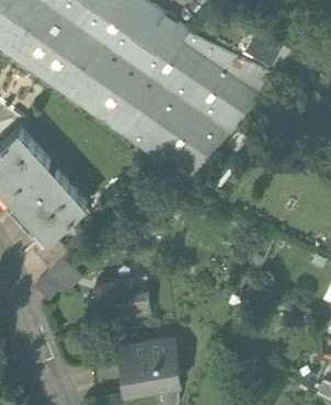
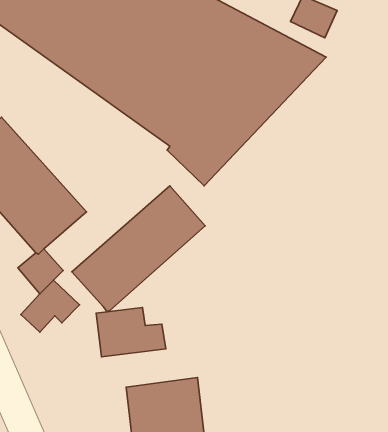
building: none -> [72,186,205,312]

